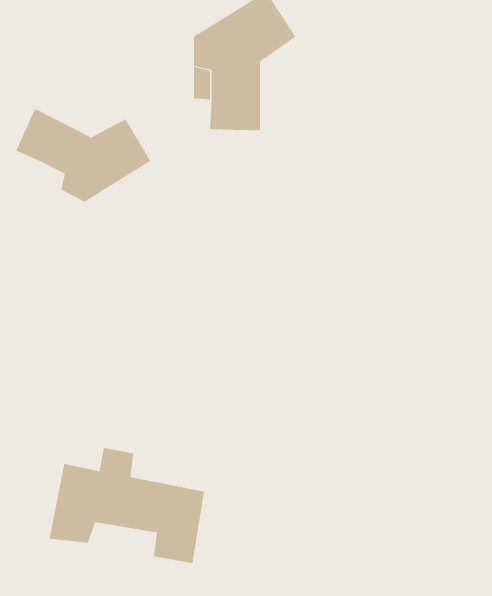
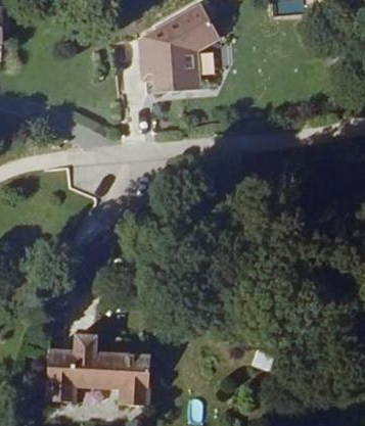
building: [16,108,151,202] -> none

